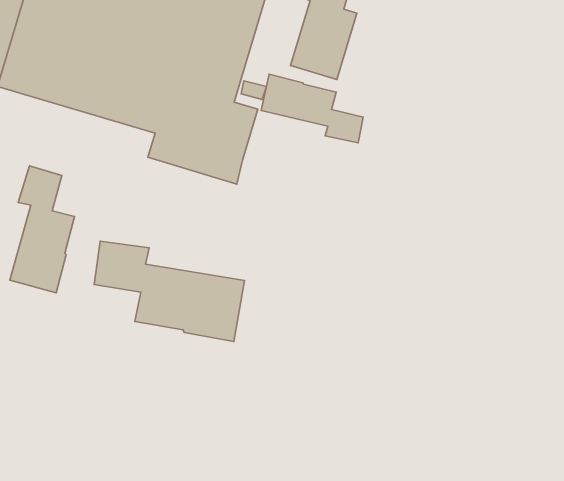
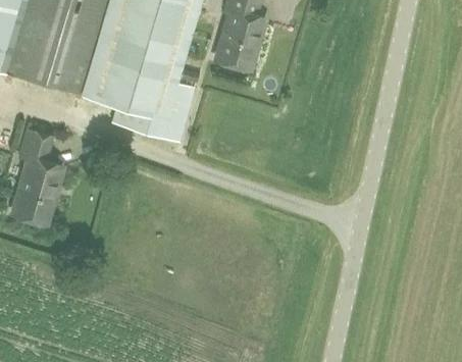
building: [261,74,363,143] -> none
building: [94,241,244,342] -> none

